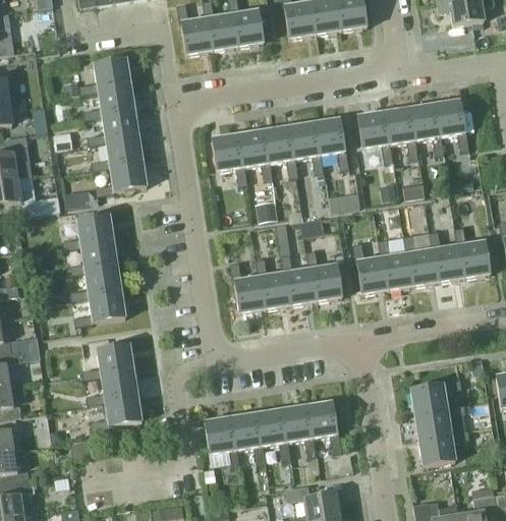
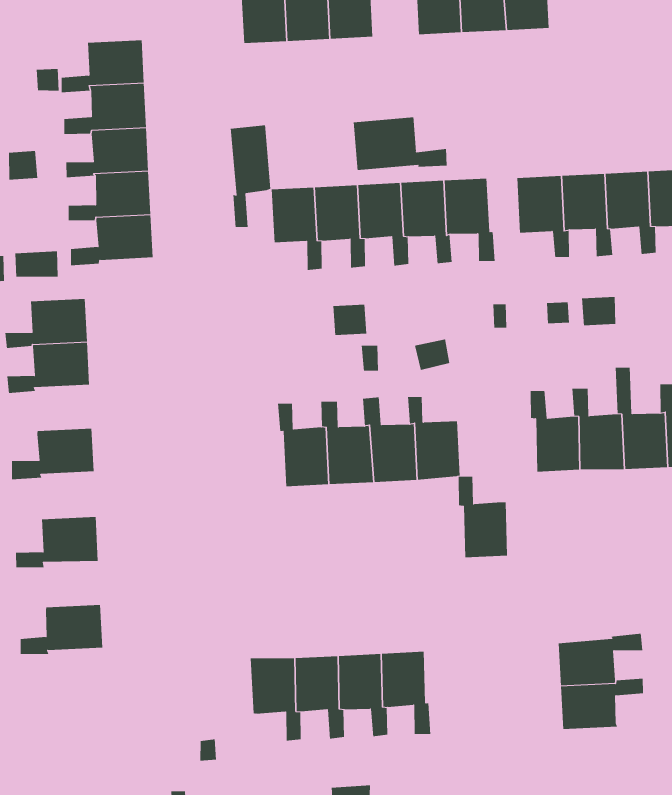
building: none -> [353,117,447,171]
building: none -> [230,124,271,228]
building: [352,243,387,292] -> [458,476,508,558]
building: [71,265,121,299] -> none
building: [88,368,137,403] -> none
building: [204,416,239,467] -> none
building: [418,426,480,465] -> none

